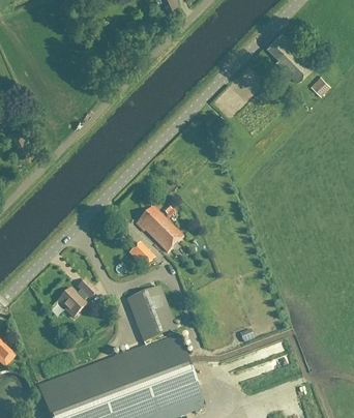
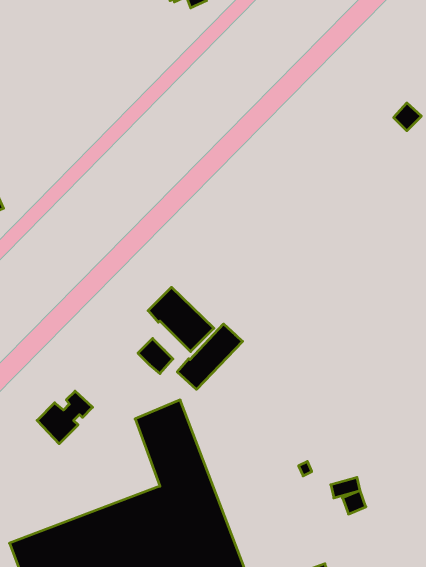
building: [267,33,317,84] -> none
building: none -> [177,324,243,389]

